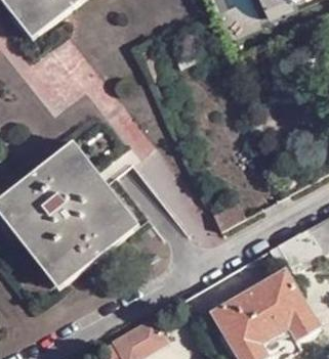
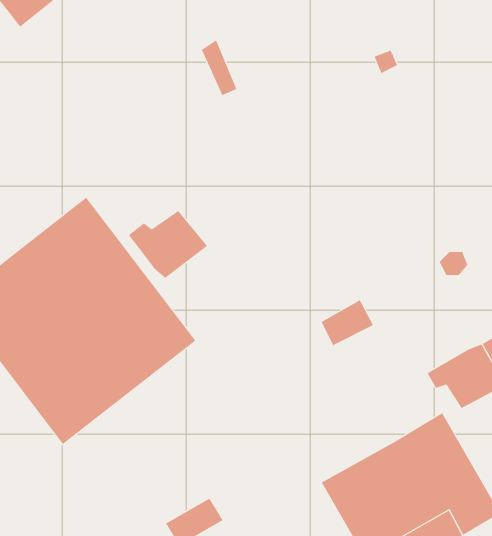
building: none -> [128,210,208,279]

